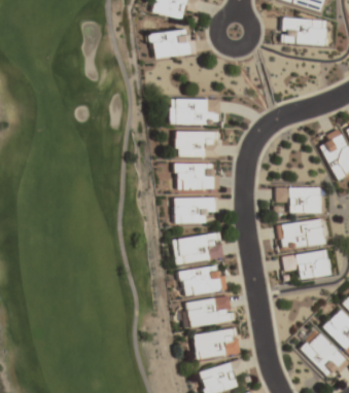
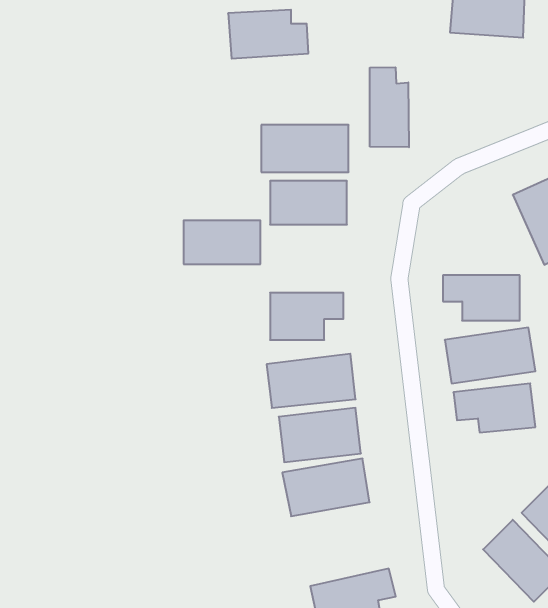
building: none -> [370,67,409,147]
building: [175,162,220,187] -> [184,220,260,264]
building: [193,326,243,359] -> none

